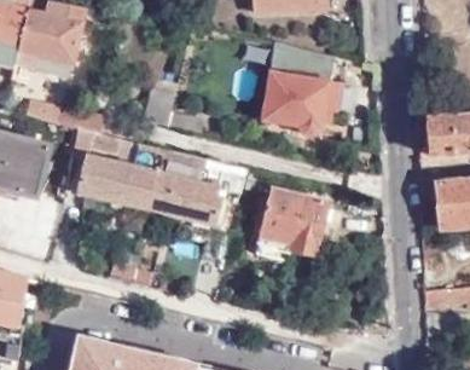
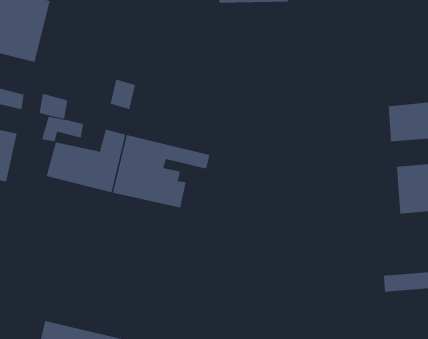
building: [260,42,331,129] -> none
building: [255,186,330,258] -> none

